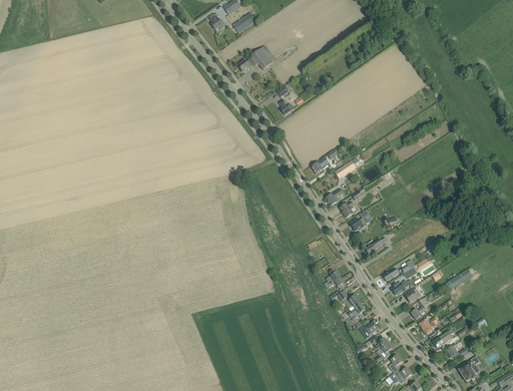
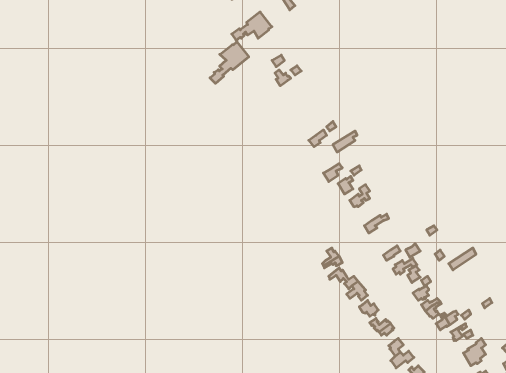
building: none -> [210,42,249,83]

